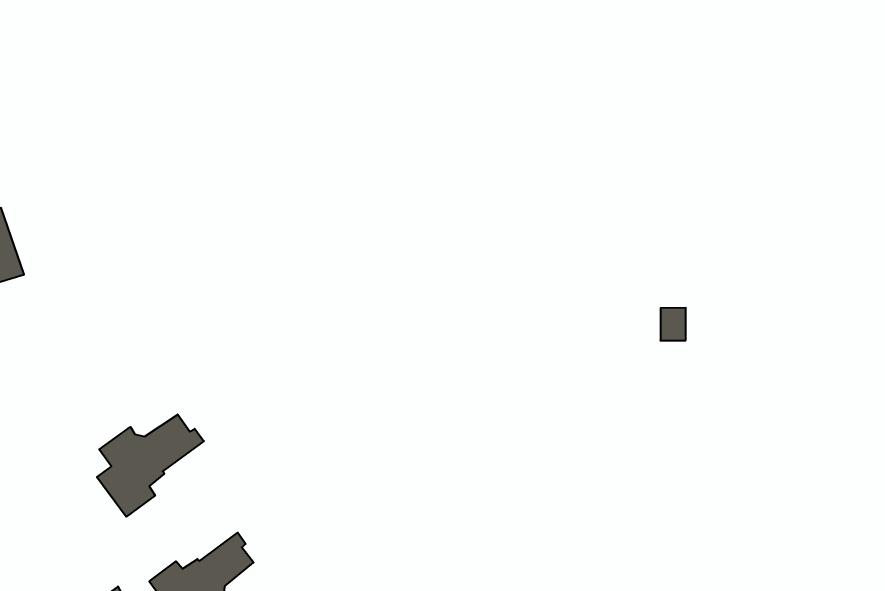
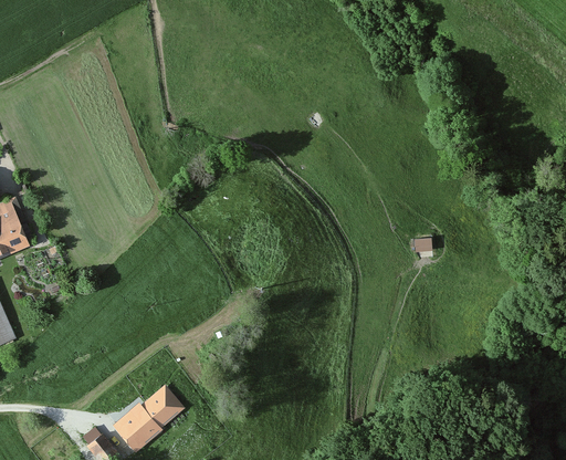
building: [97,414,204,517] -> none

